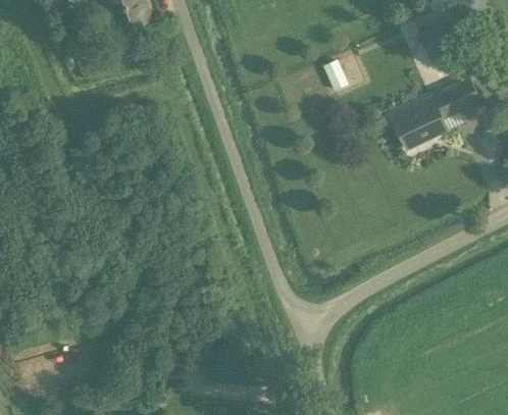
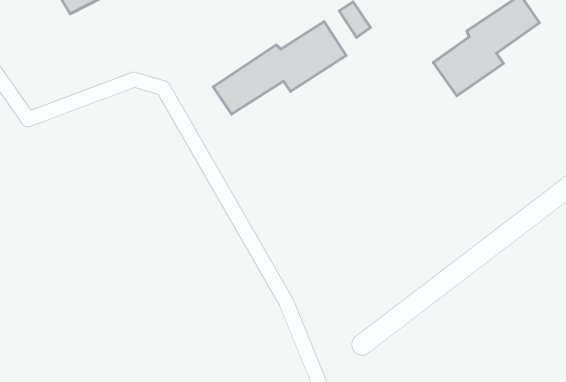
building: none -> [213,21,346,114]

